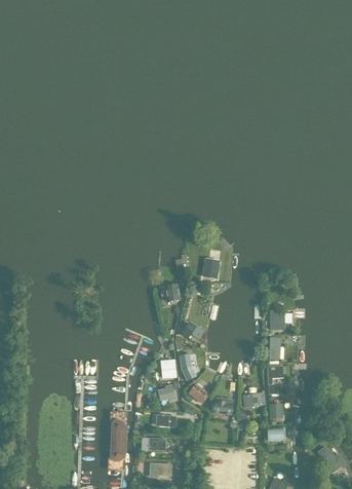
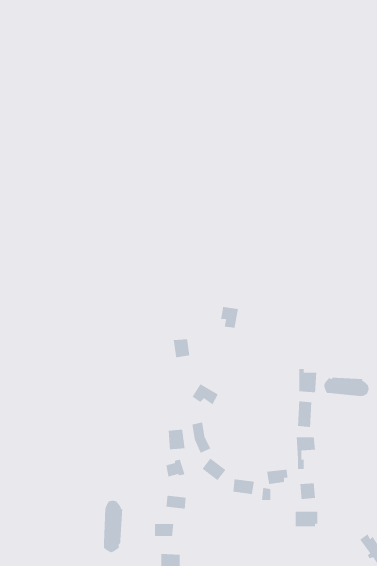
building: none -> [323,377,369,397]

